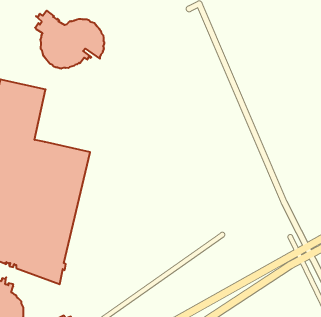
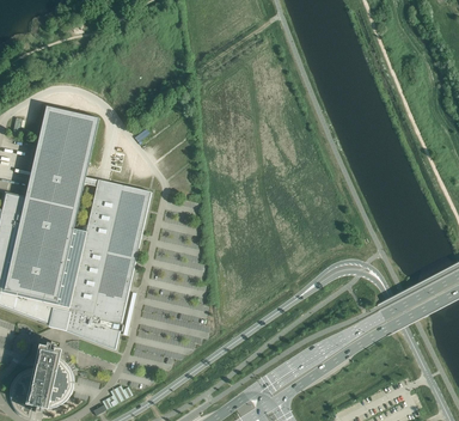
building: [35,11,104,69] -> none

